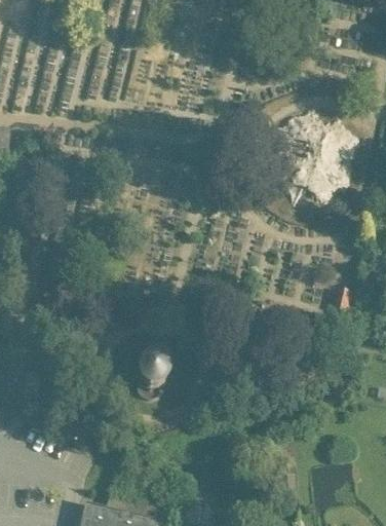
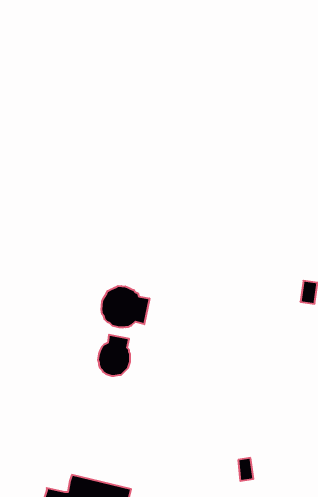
building: none -> [101,286,149,328]

